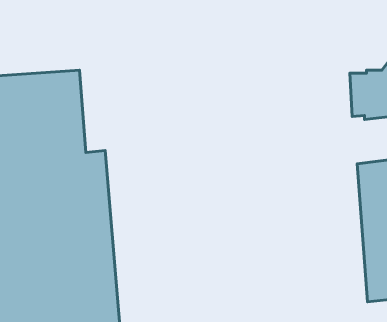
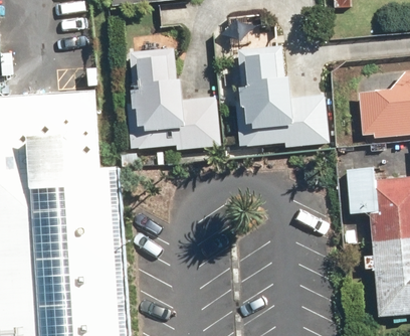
building: none -> [126,46,221,151]
building: none -> [234,46,330,148]

